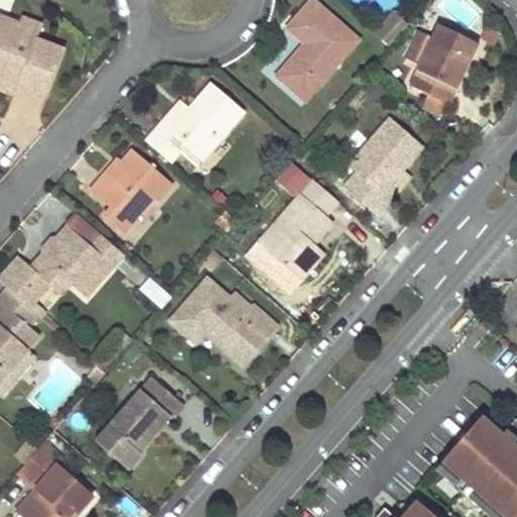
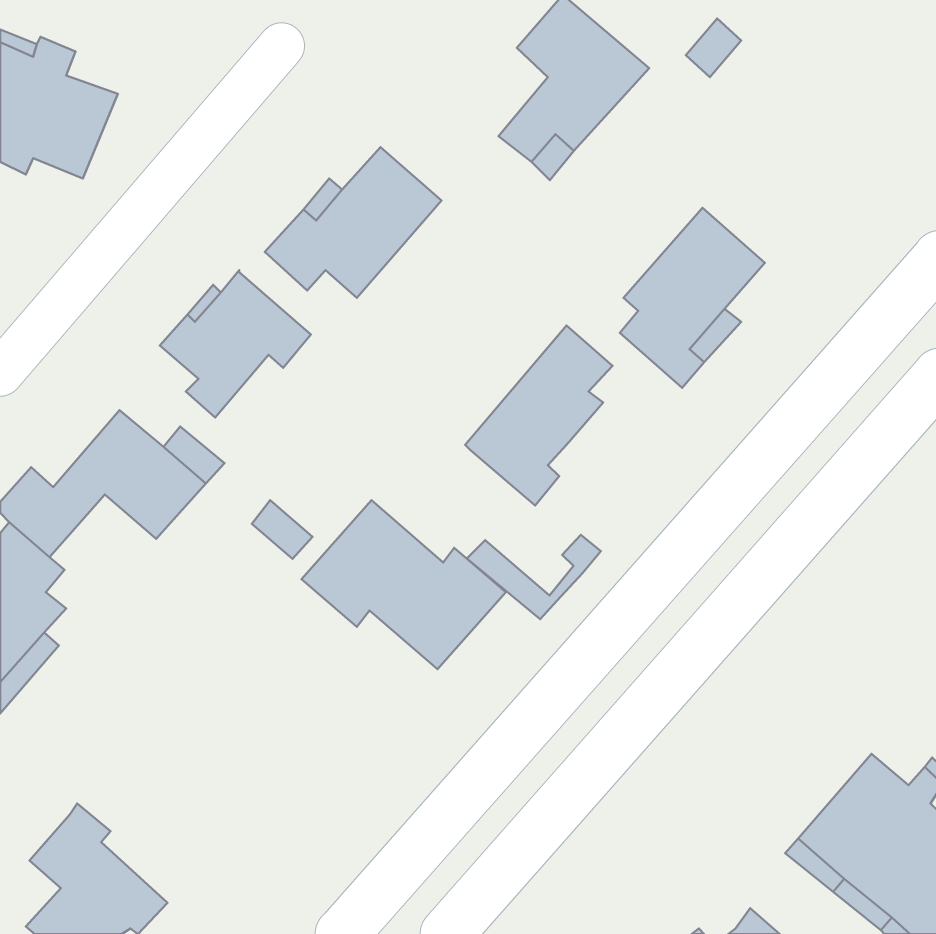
building: [409,23,477,103] -> none
building: [250,244,324,291] -> [467,535,601,619]
building: [94,377,183,470] -> none

